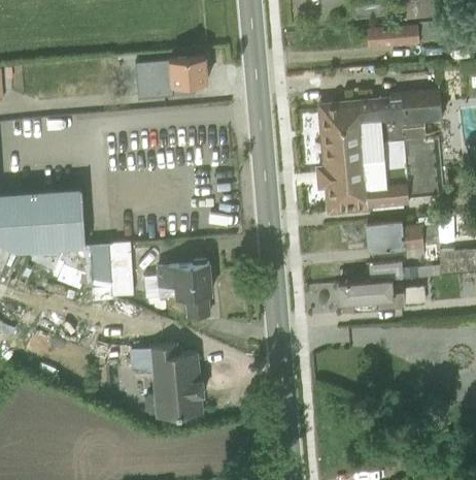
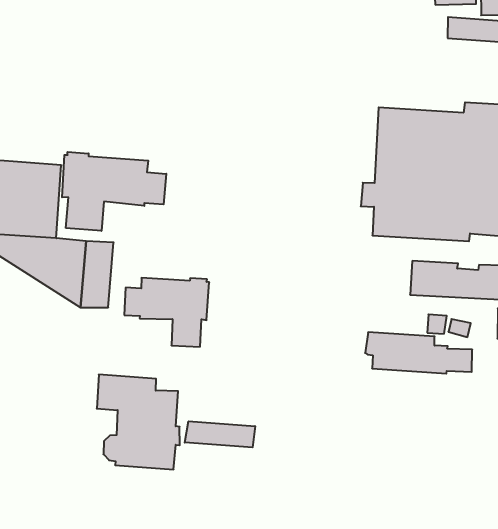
building: [133,56,206,97] -> none
building: none -> [62,152,166,231]
building: none -> [185,421,255,447]

